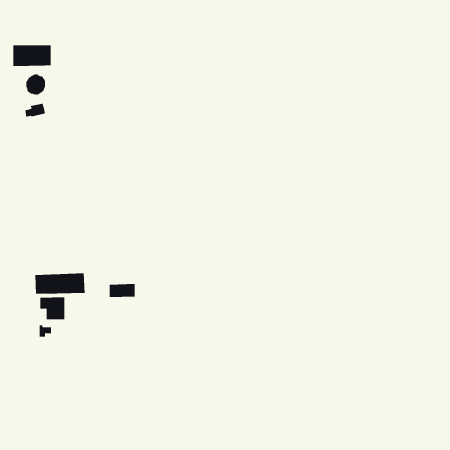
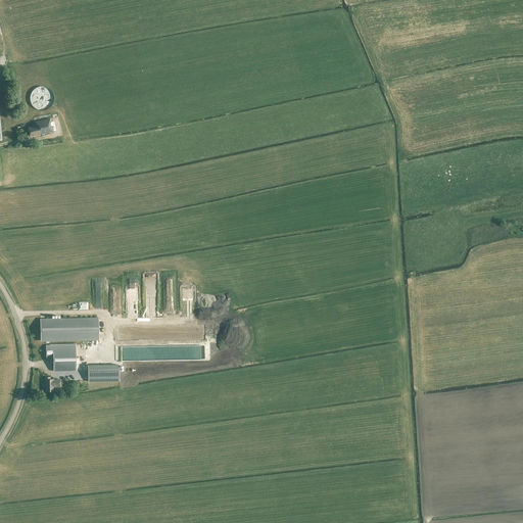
building: [13,44,51,67] -> none
building: [109,284,135,298] -> [88,365,118,381]

